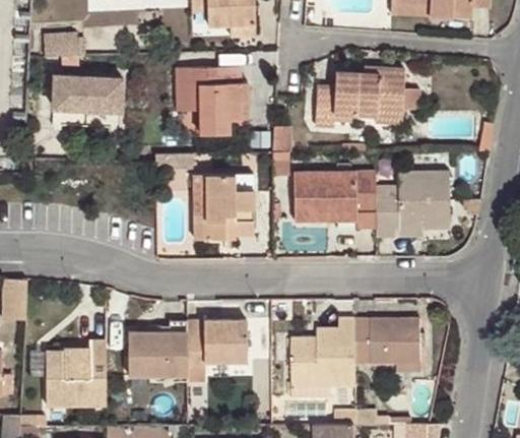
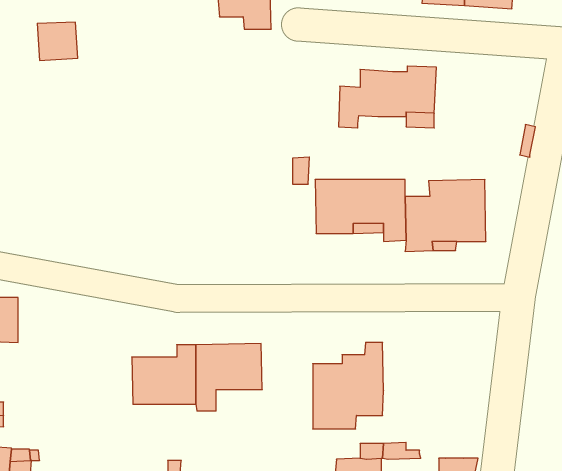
building: [176,68,246,136] -> none
building: [51,75,122,114] -> none
building: [200,175,252,240] -> none
building: [354,319,419,372] -> none
building: [46,340,105,405] -> none

